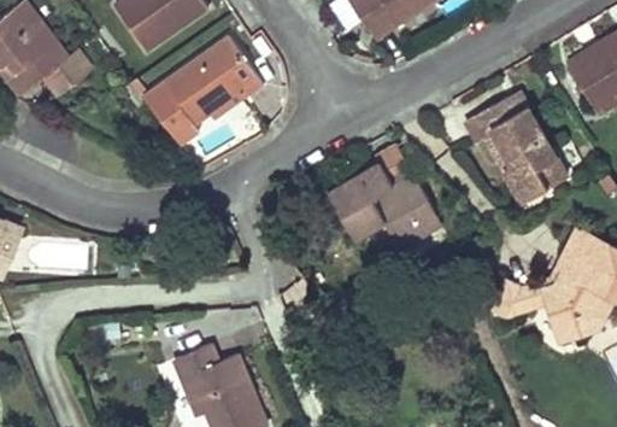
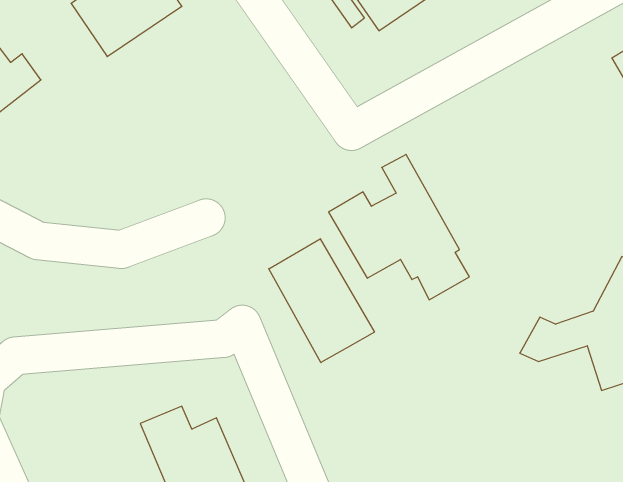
building: [142,40,262,147] -> none
building: [468,82,566,194] -> none
building: none -> [269,239,374,363]

